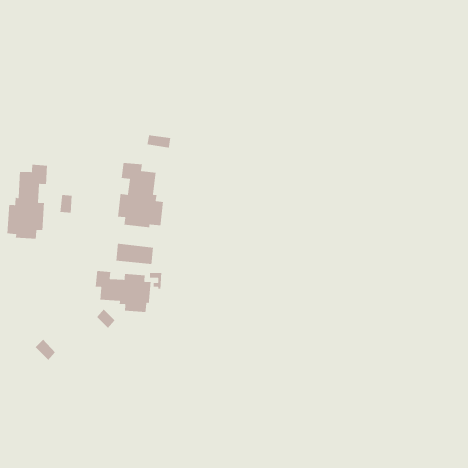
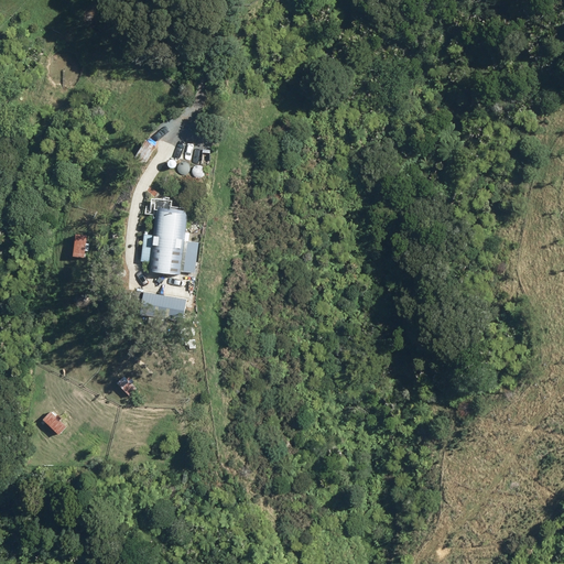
building: [6,164,48,239] -> none
building: [95,270,152,313] -> none

